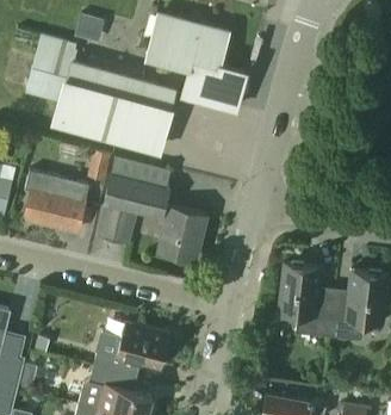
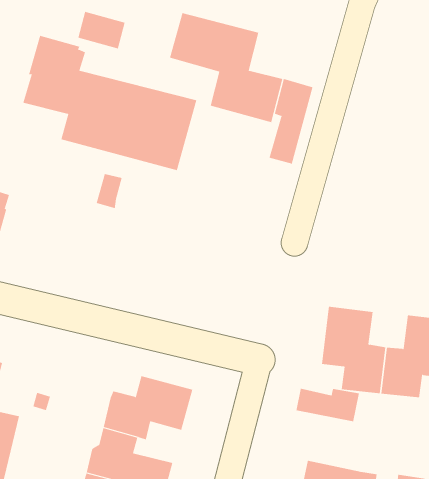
building: none -> [269,78,313,165]
building: [97,159,205,260] -> none
building: [24,175,87,230] -> none
building: none -> [296,388,360,422]

